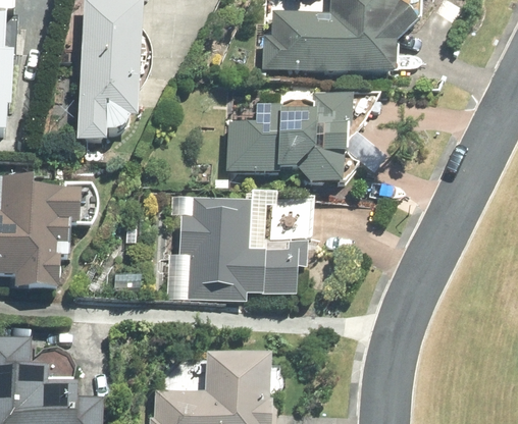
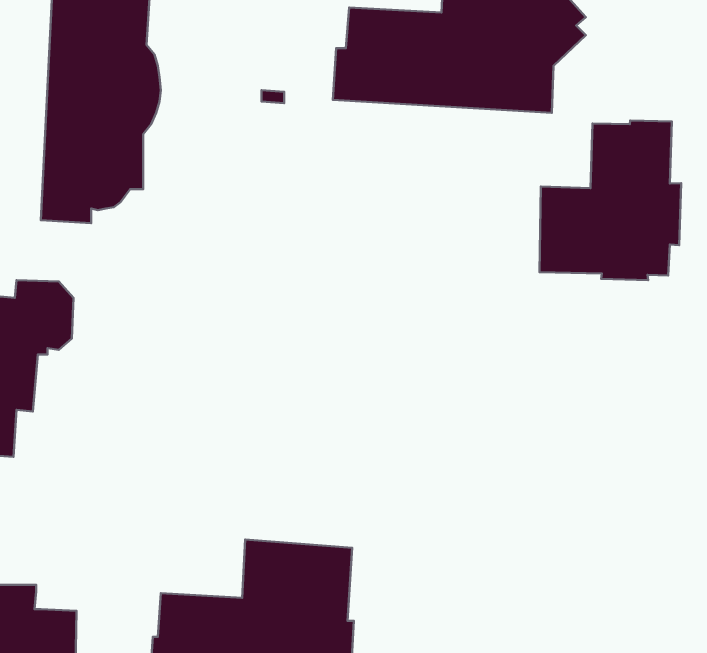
building: none -> [540,120,681,280]
building: [226,96,353,187] -> none
building: [176,195,307,302] -> none

